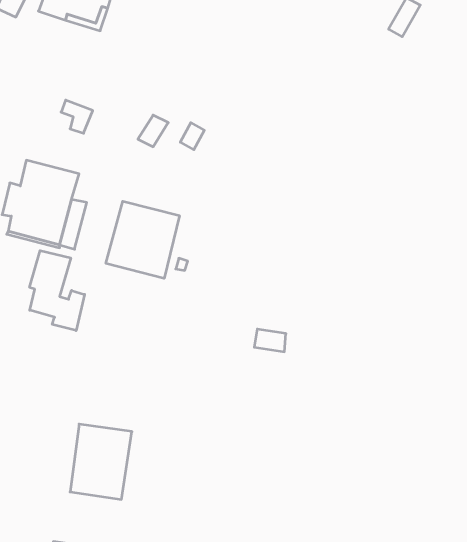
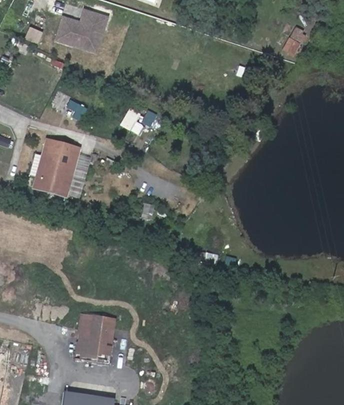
building: [106,201,179,278] -> none
building: [30,251,85,331] -> none

